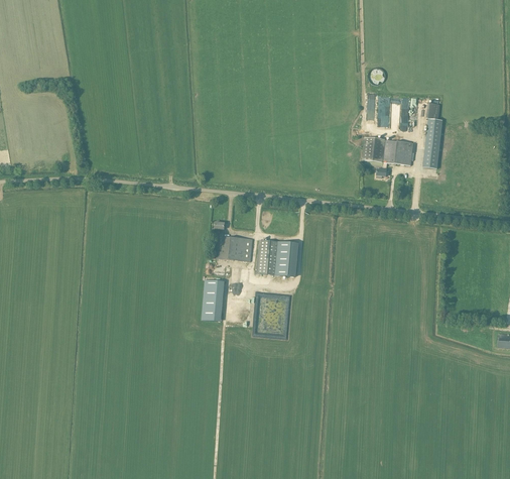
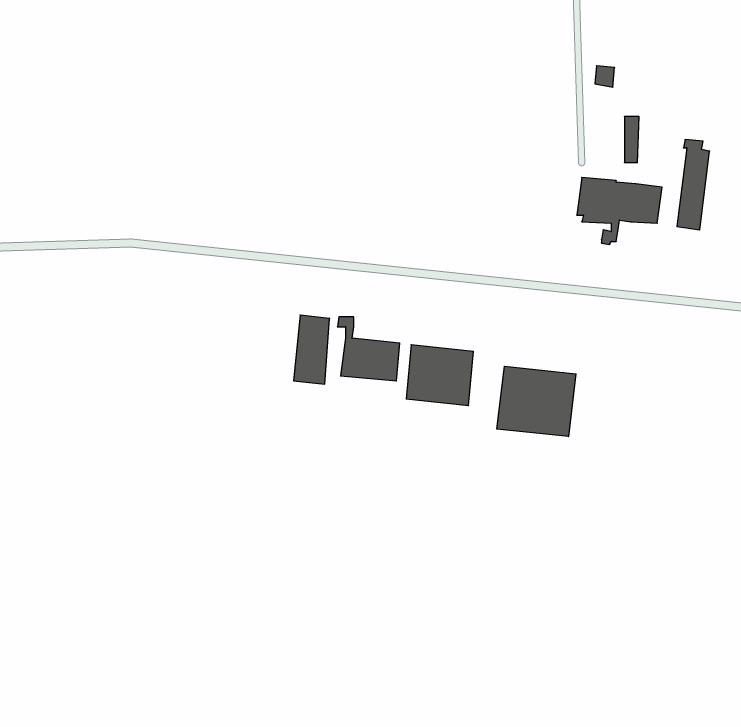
building: none -> [497,366,576,437]
building: [202,279,224,322] -> [294,315,330,384]

